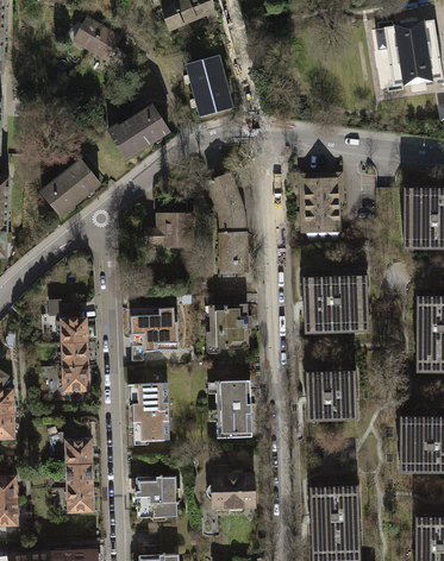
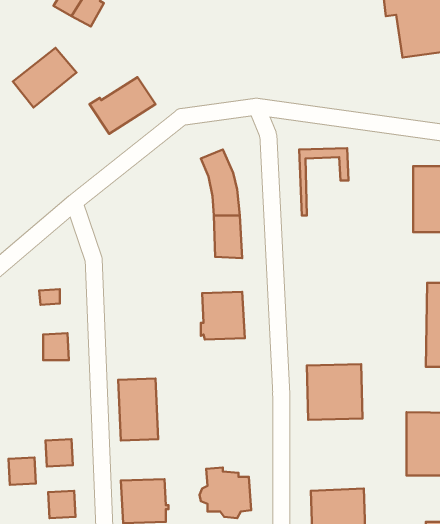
building: [186,58,229,114] -> none
building: [39,160,98,215] -> [13,48,76,107]
building: [305,179,338,241] -> none
building: [144,213,188,250] -> none
building: [304,275,370,333] -> none
building: [131,308,179,361] -> none
building: [56,319,86,342] -> none
building: [58,366,88,390] -> none
building: [215,379,252,437] -> none
building: [67,462,92,487] -> [9,458,36,485]

